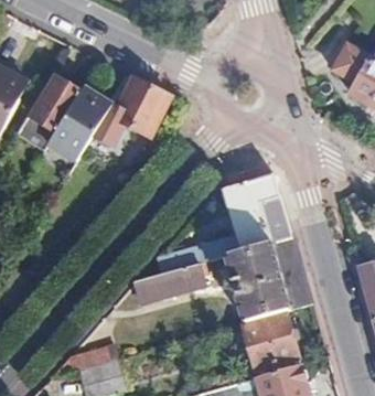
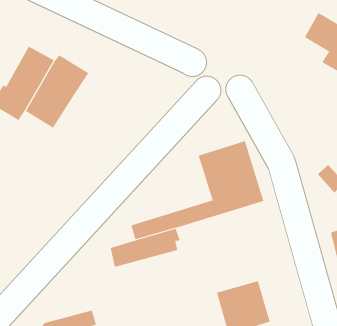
building: [95,76,172,142] -> none
building: [223,234,311,323] -> none

